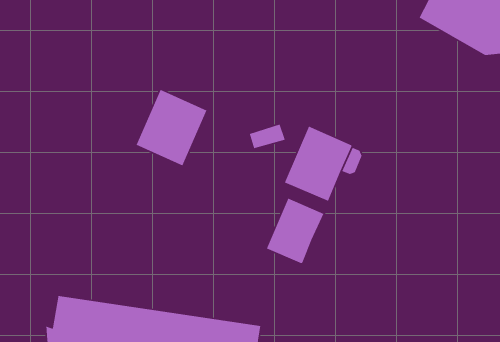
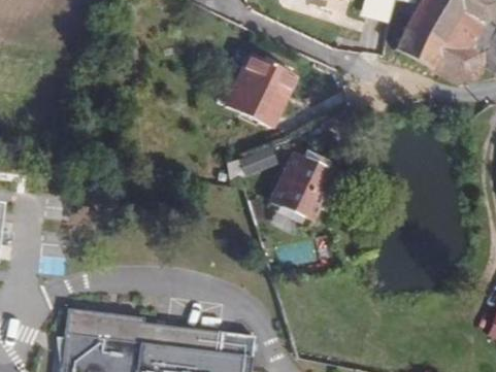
building: [136,89,207,166] -> [228,56,294,127]
building: [266,197,324,264] -> none

